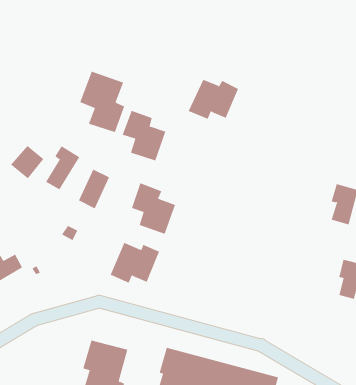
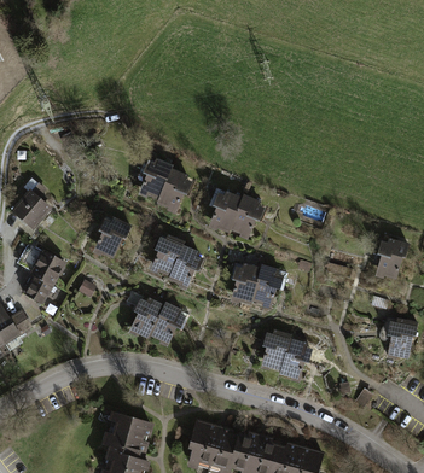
building: [80,71,125,133] -> none
building: [188,79,239,120] -> [210,188,268,234]
building: [45,146,80,190] -> [24,252,64,303]
building: none -> [232,262,285,308]
building: none -> [260,327,310,385]

